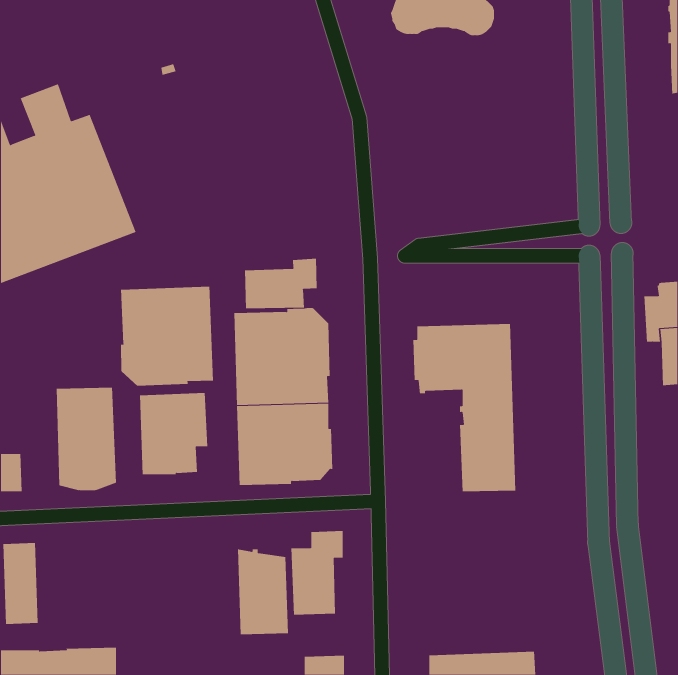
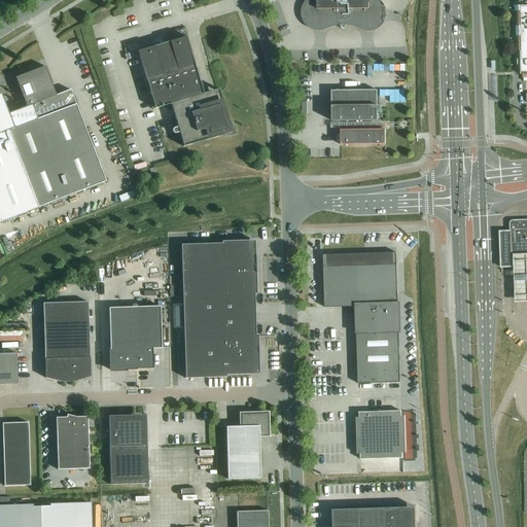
building: none -> [138,35,237,145]
building: none -> [331,89,386,143]
building: [244,258,317,309] -> none
building: [120,286,214,387] -> none
building: none -> [356,410,406,458]
building: none -> [56,413,89,468]
building: [237,549,289,635] -> [108,416,148,483]

